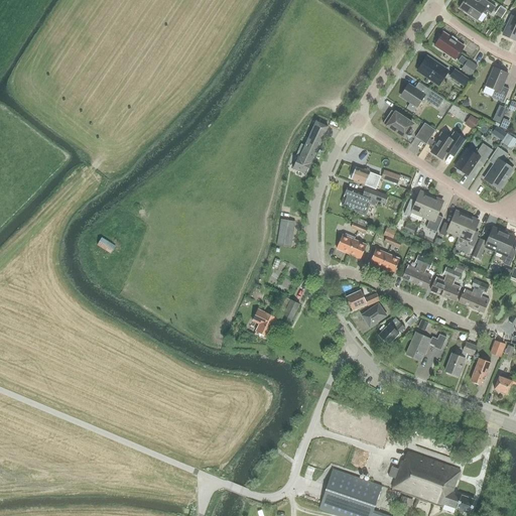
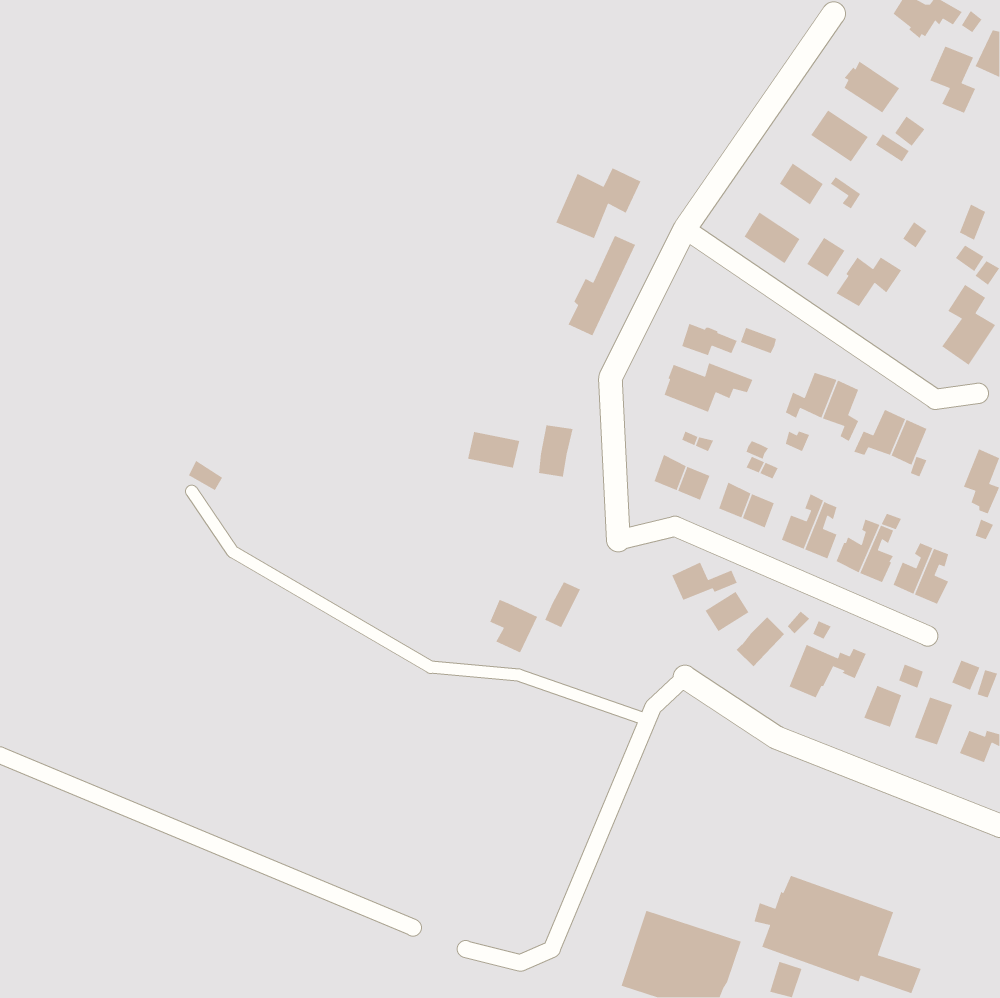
building: [485,67,509,102] -> [929,45,976,114]
building: none -> [555,167,641,239]
building: [455,142,493,174] -> none
building: none -> [467,431,520,469]
building: [473,227,504,259] -> none

